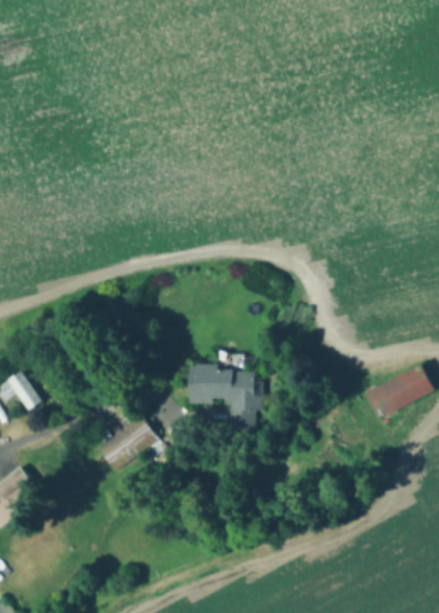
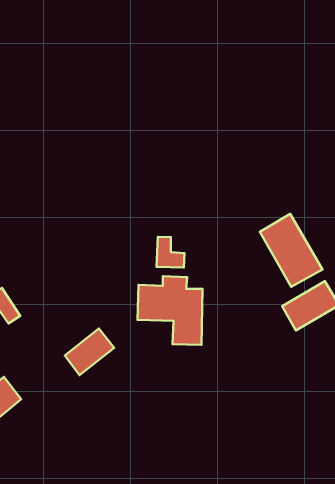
building: none -> [260,214,322,287]
building: none -> [157,237,184,268]

